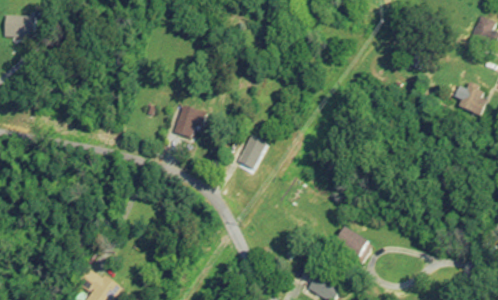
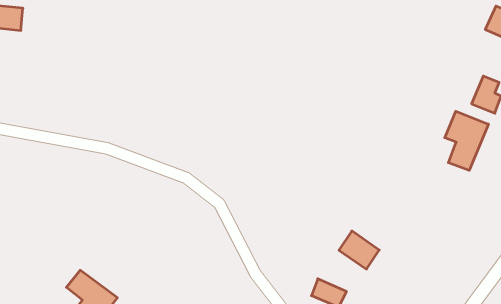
building: [174,106,201,139] -> none
building: none -> [445,111,488,170]
building: [238,135,266,170] -> none

